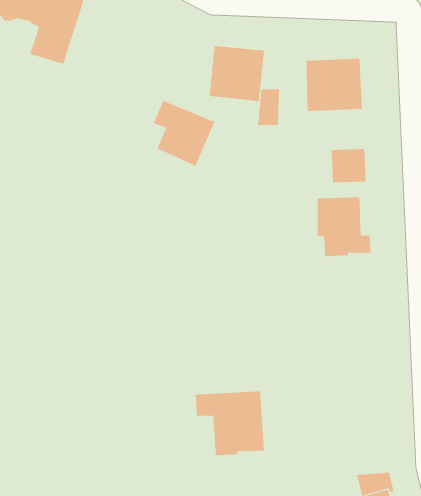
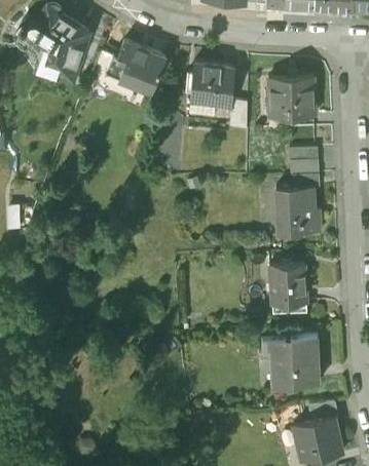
building: [153,100,215,166] -> [115,40,165,93]
building: none -> [269,267,305,318]
building: [195,391,265,456] -> [263,342,320,394]

